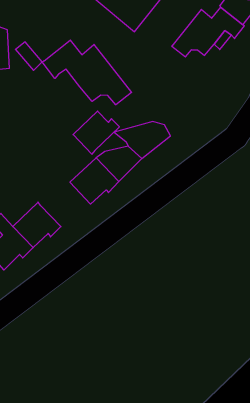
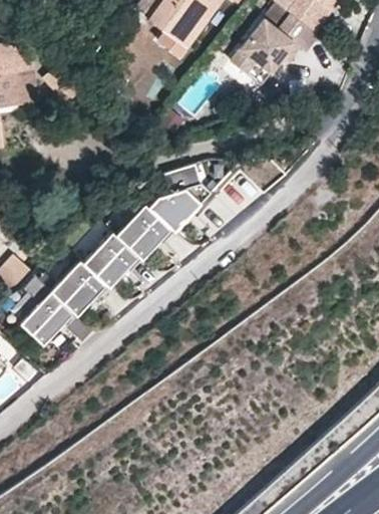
building: [42,40,132,105] -> none
building: [73,111,119,154] -> none
building: none -> [81,231,141,288]

